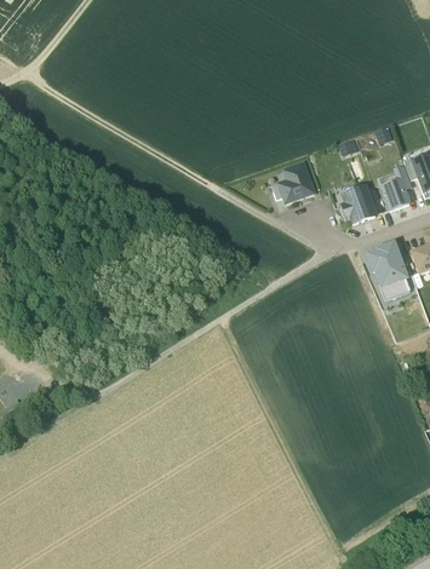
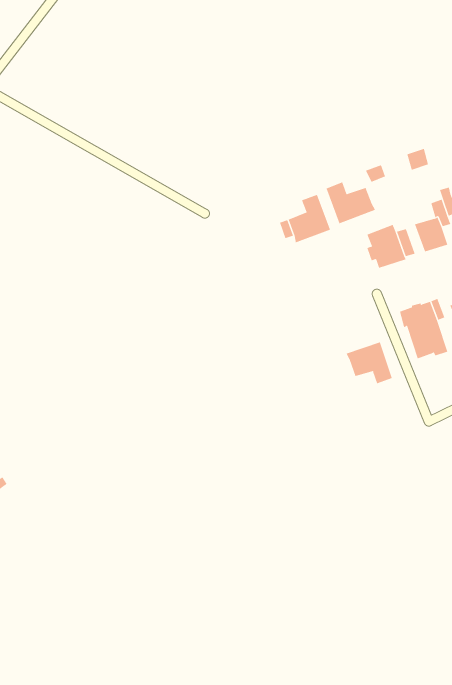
building: none -> [326,182,376,224]
building: none -> [346,342,392,384]

